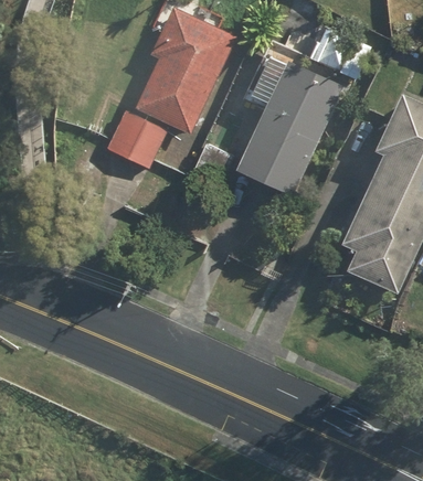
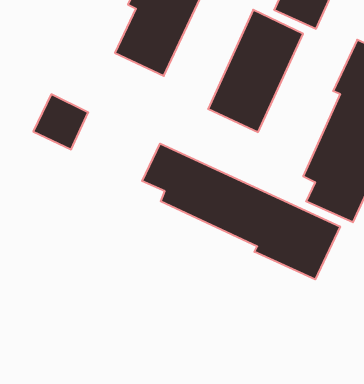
building: [112,108,172,169] -> [33,94,88,149]
building: none -> [142,144,340,279]

